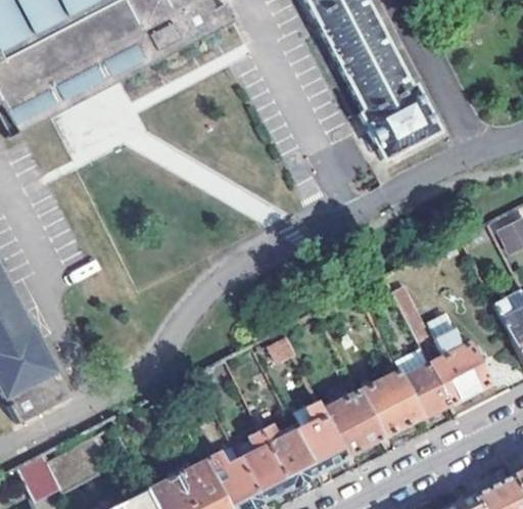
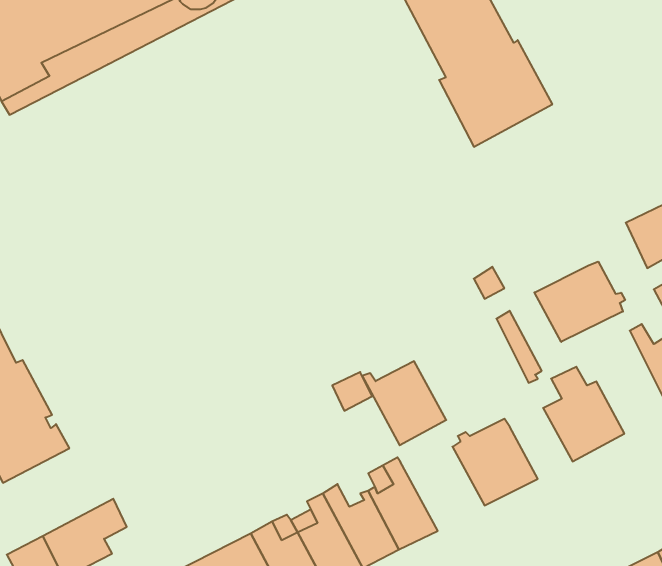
building: none -> [534,262,625,342]
building: [403,360,451,414] -> none
building: [320,389,384,454] -> [362,361,446,445]

